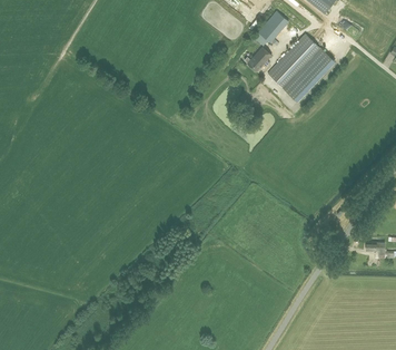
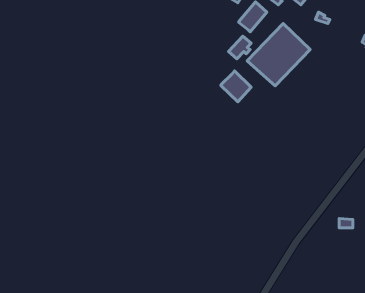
building: none -> [221,71,251,102]

